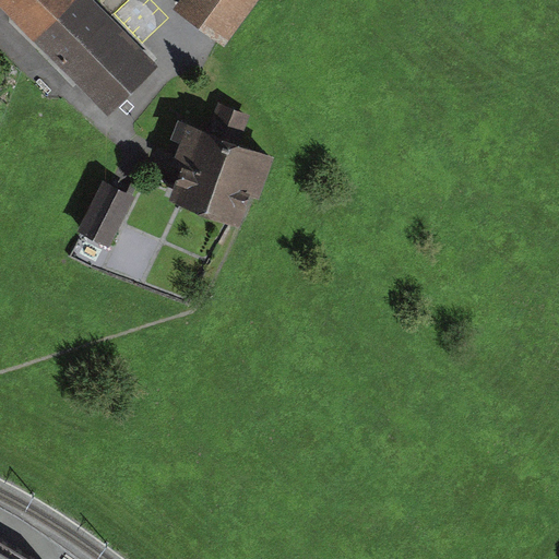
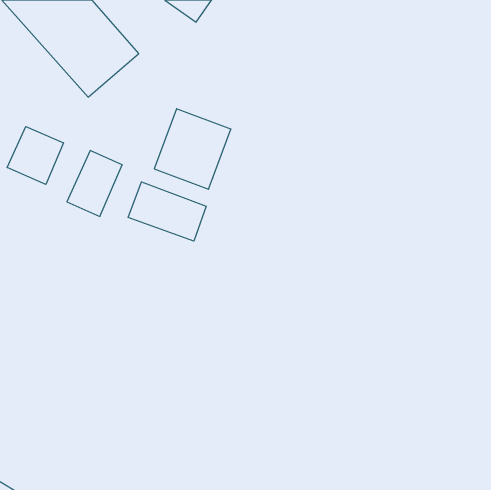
building: none -> [7,127,63,184]
building: none -> [128,182,206,241]

